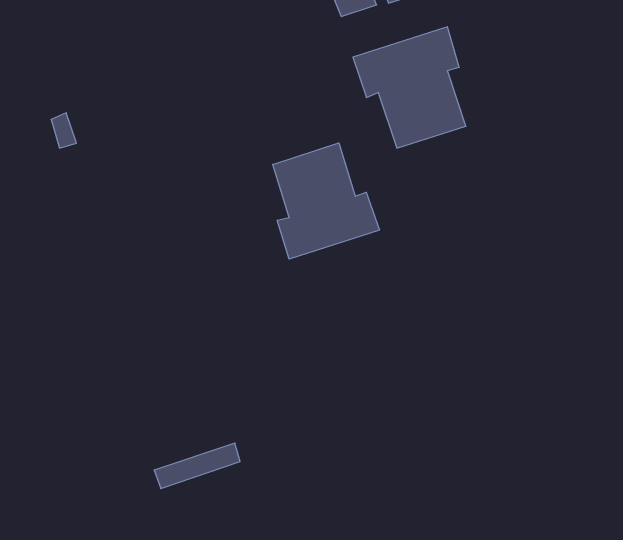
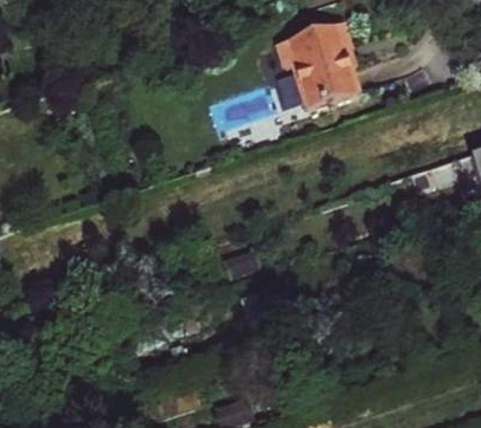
building: [273,143,380,259] -> none

